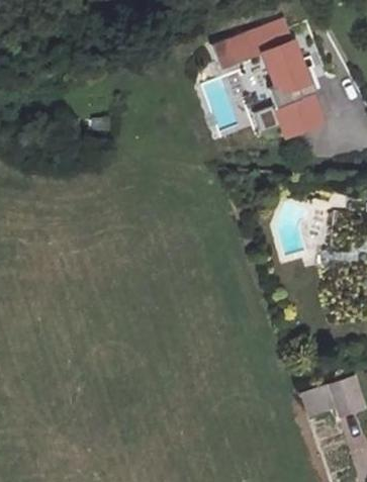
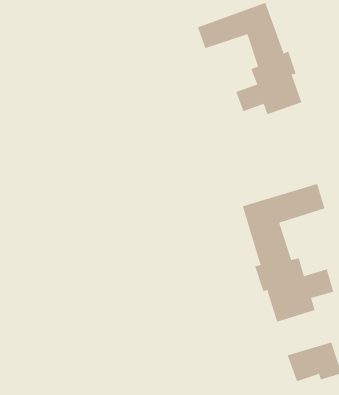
building: none -> [242,183,334,322]

